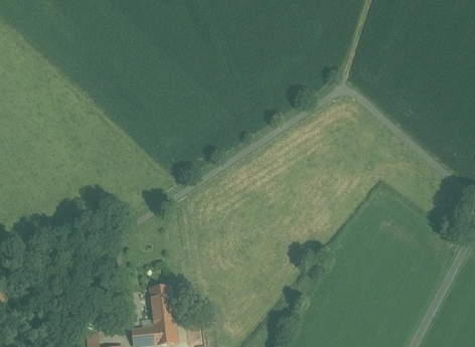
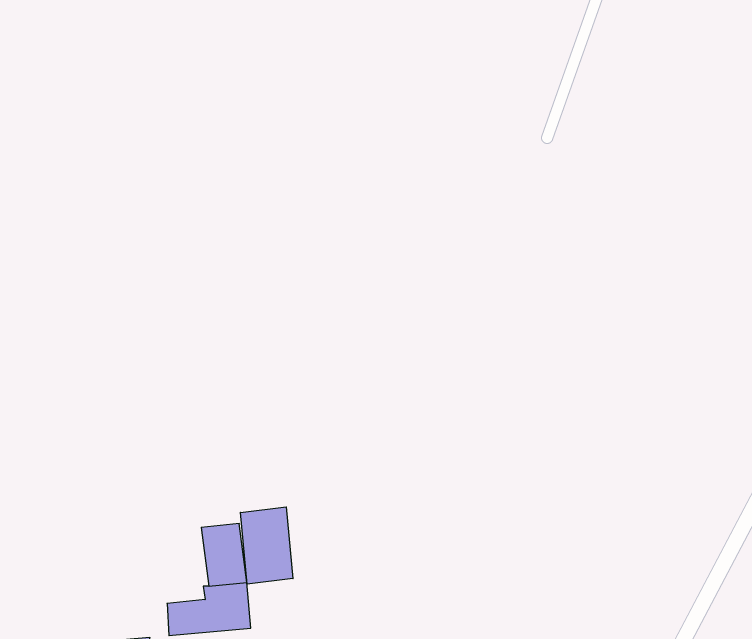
building: none -> [240,507,293,584]

